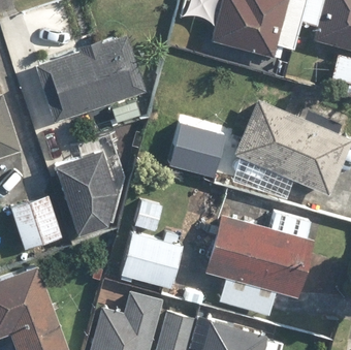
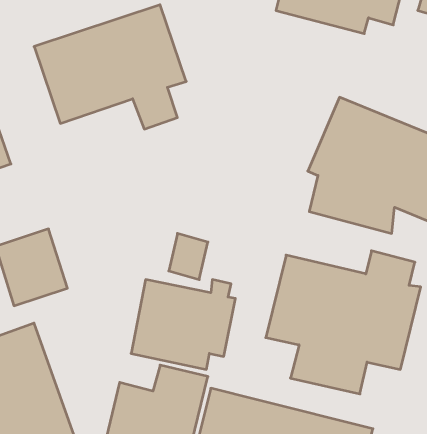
building: [174,128,228,178] -> none
building: [56,151,117,235] -> none

